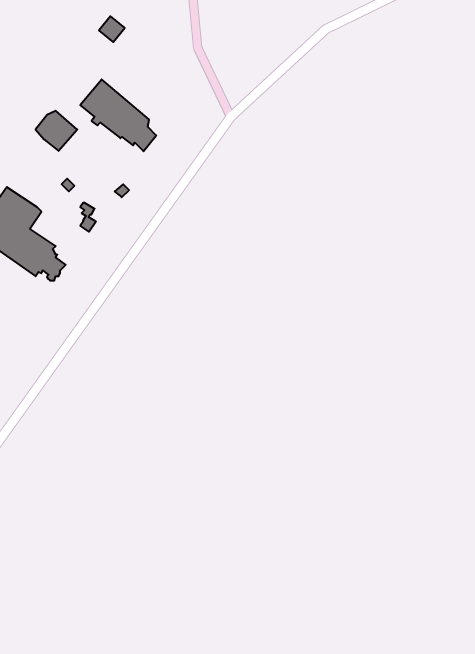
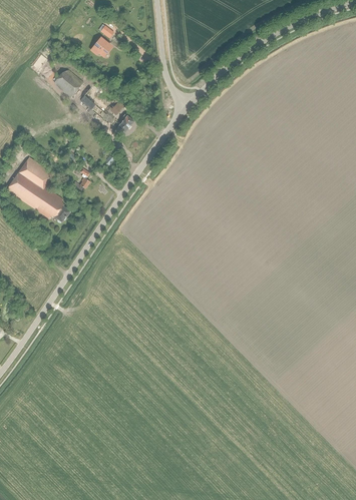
building: [36,111,77,151] -> [53,69,82,97]

